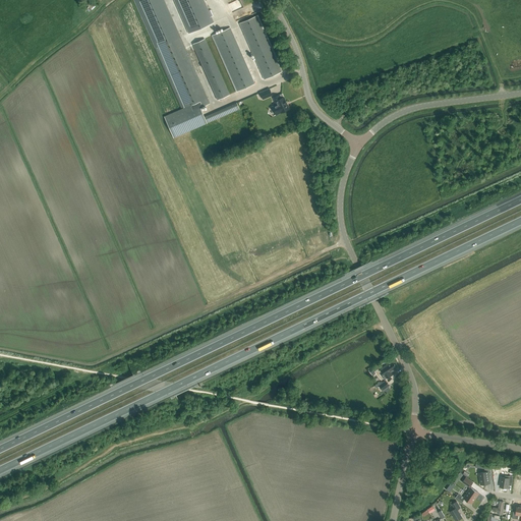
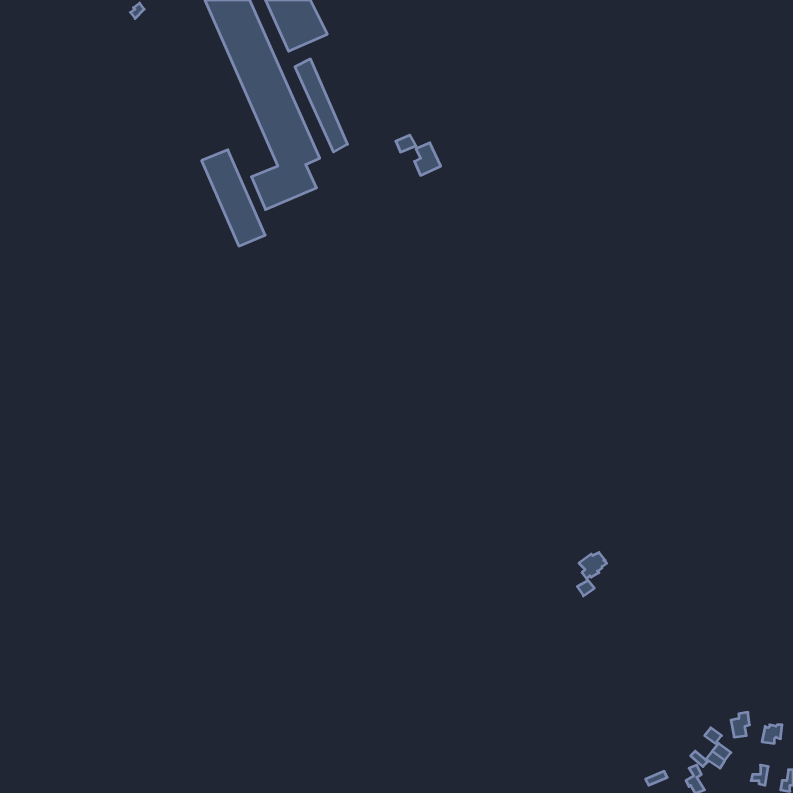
building: [239,15,282,79] -> none
building: [213,27,254,91] -> [202,150,265,246]

